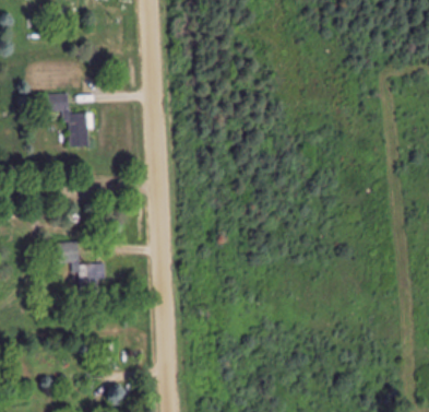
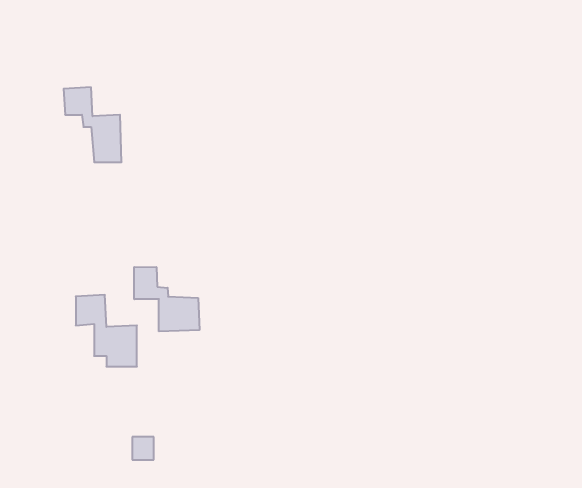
building: none -> [134,267,199,331]

